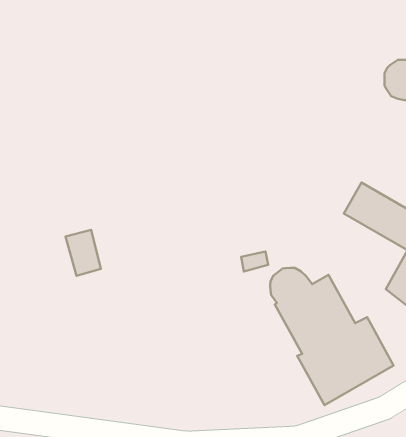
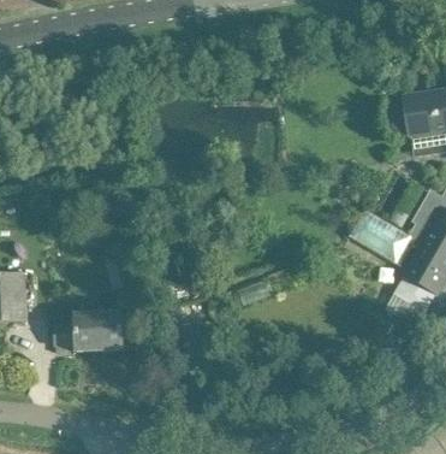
building: [270,268,394,405] -> none
building: none -> [54,312,123,350]

